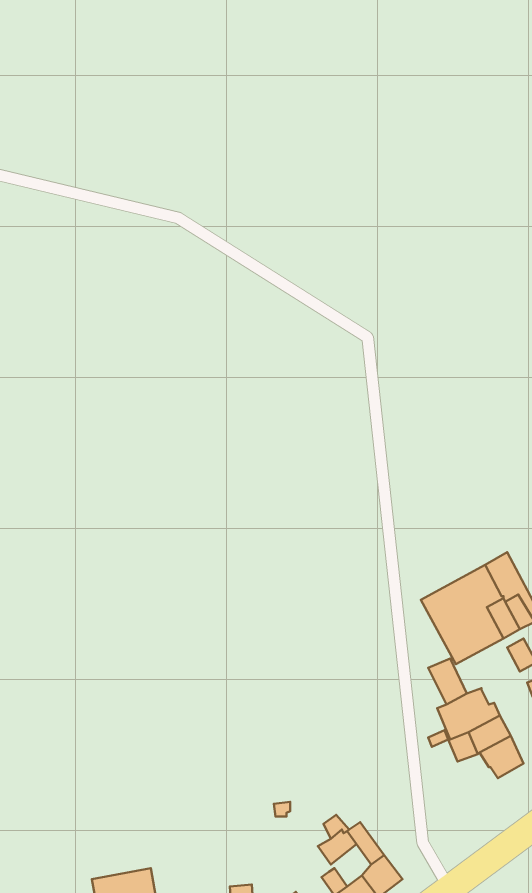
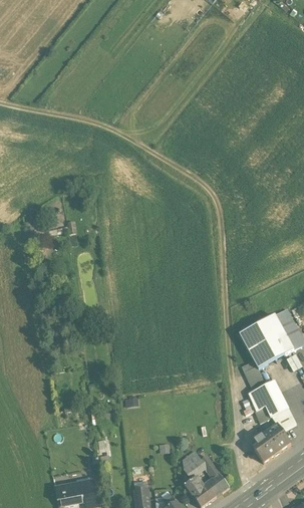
building: none -> [253,425,290,462]

